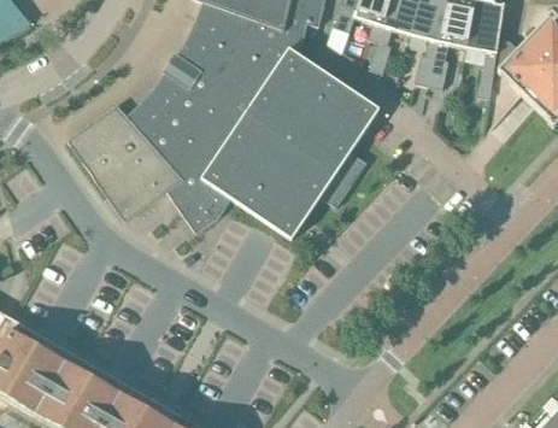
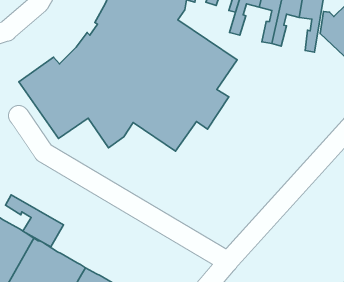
building: none -> [5,195,63,247]

